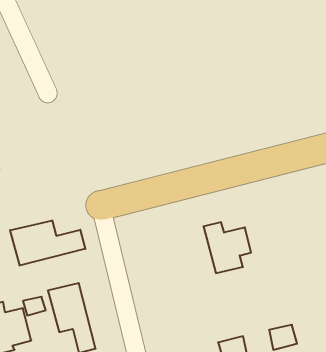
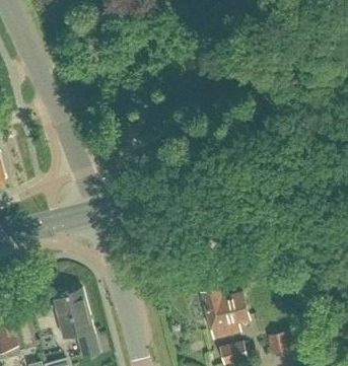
building: [10,220,85,266] -> none
building: [203,222,251,273] -> [201,289,248,339]

